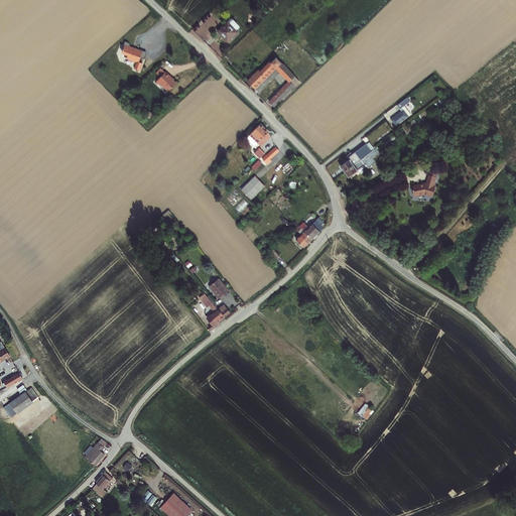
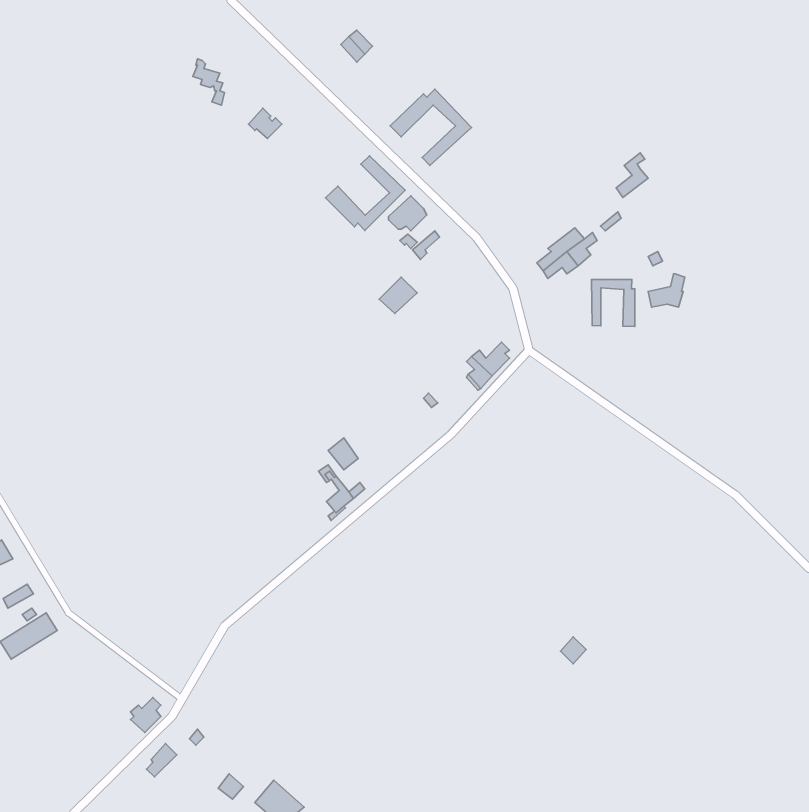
building: none -> [326,156,405,231]
building: none -> [592,279,635,327]

